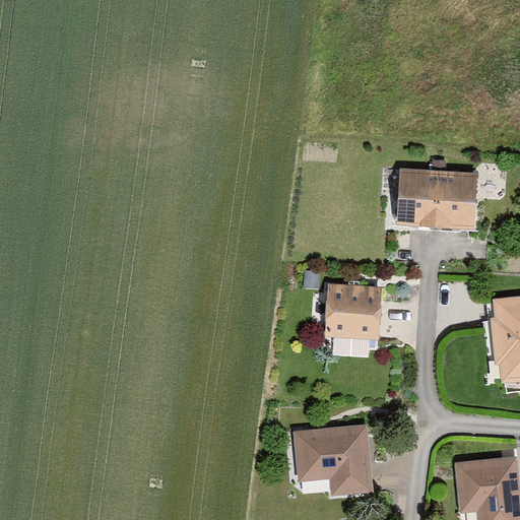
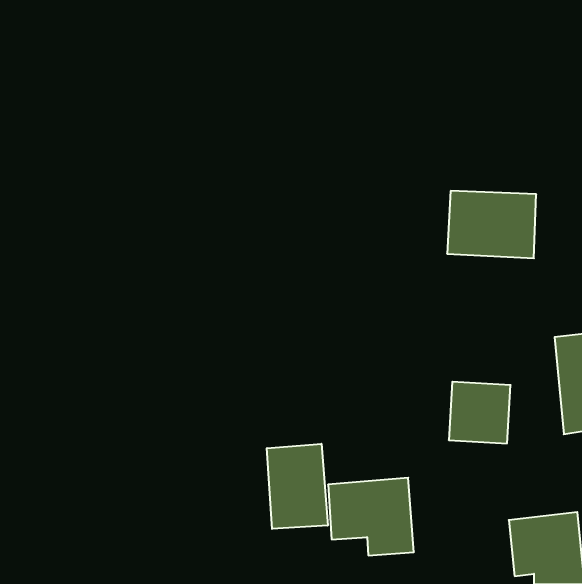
building: [323,283,378,338] -> [449,382,511,443]
building: none -> [267,444,328,529]

